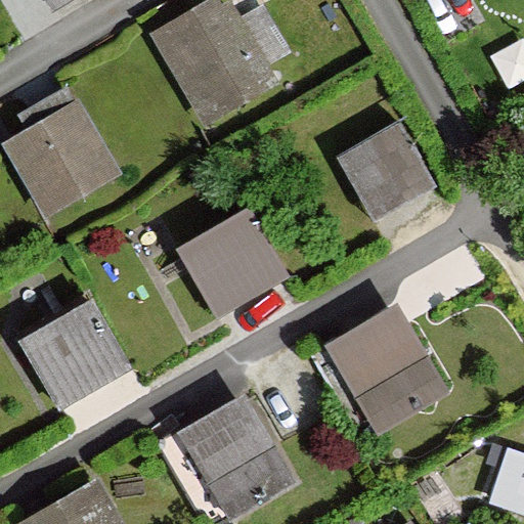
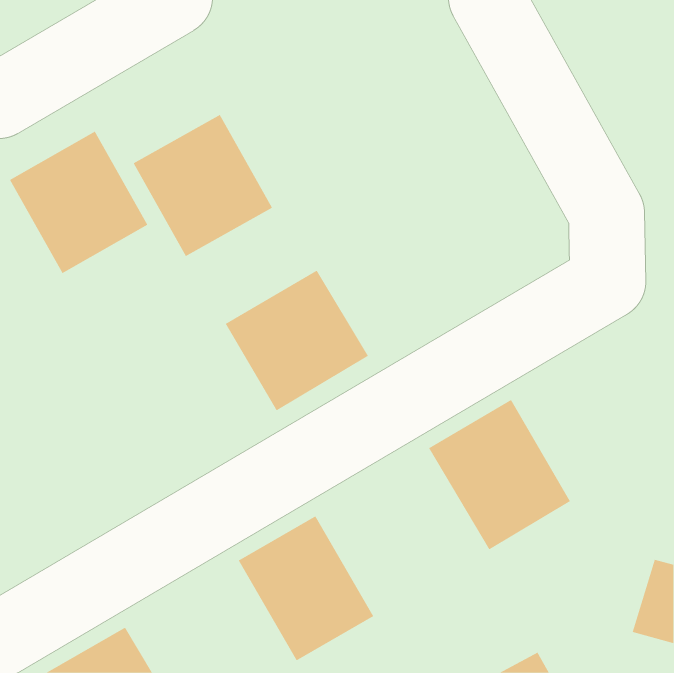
building: [163,5,271,116] -> [133,114,273,257]
building: [338,127,429,219] -> none
building: [25,298,135,406] -> none

